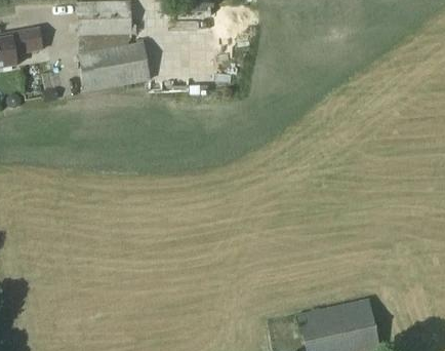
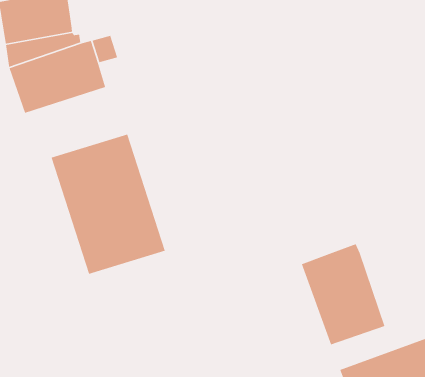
building: none -> [51,133,166,275]
building: none -> [301,243,385,345]

